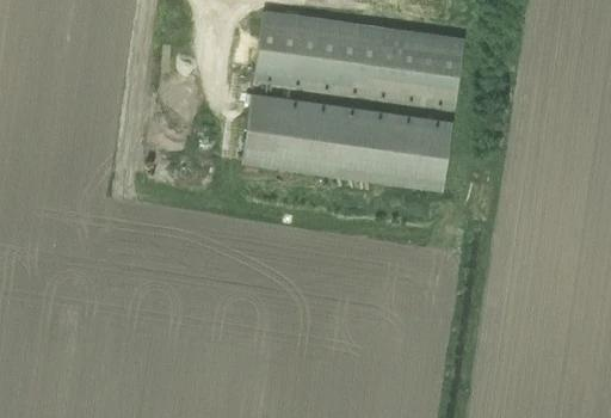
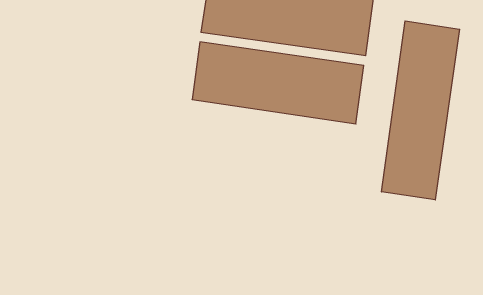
building: none -> [382,21,460,200]

